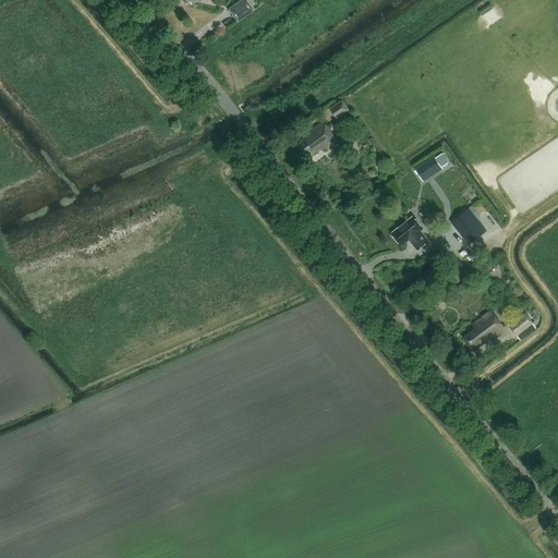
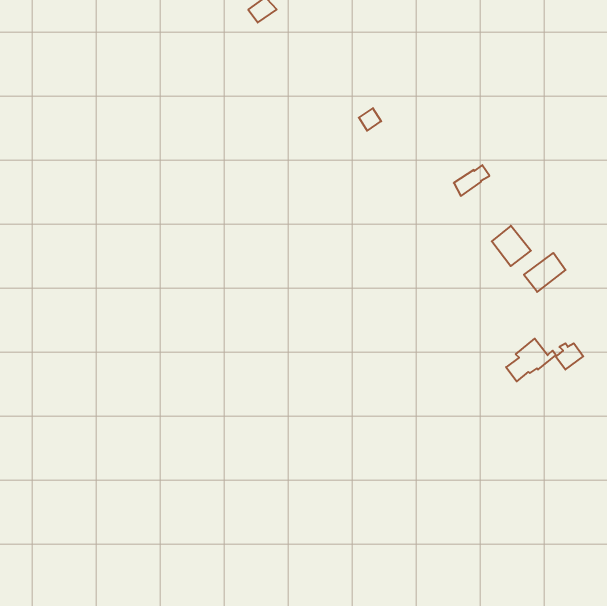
building: [301,120,337,155] -> none
building: [391,215,429,250] -> none
building: none -> [524,253,566,292]

